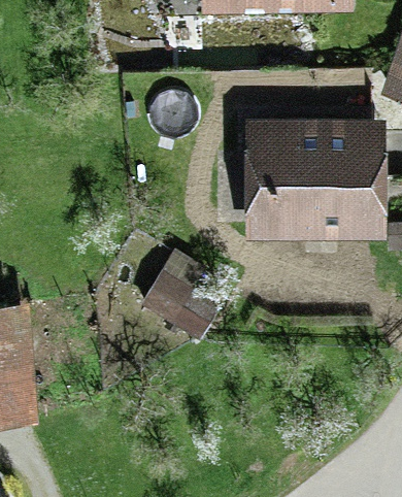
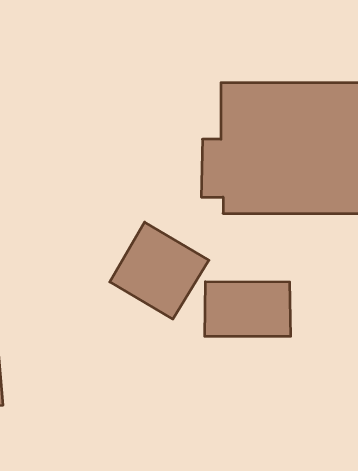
building: none -> [205,282,291,336]

